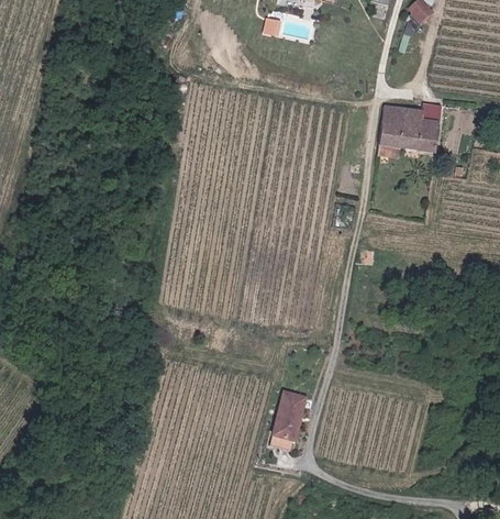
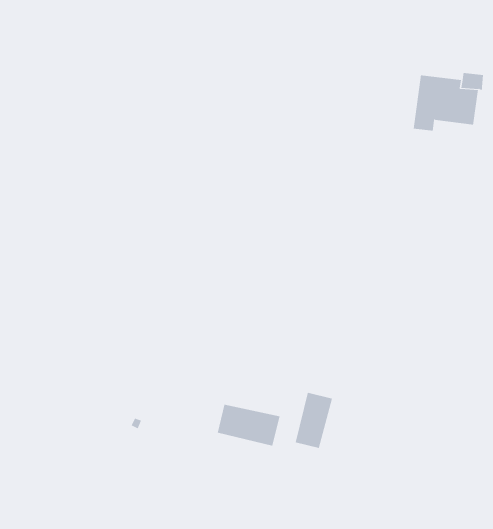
building: none -> [217,404,280,447]

